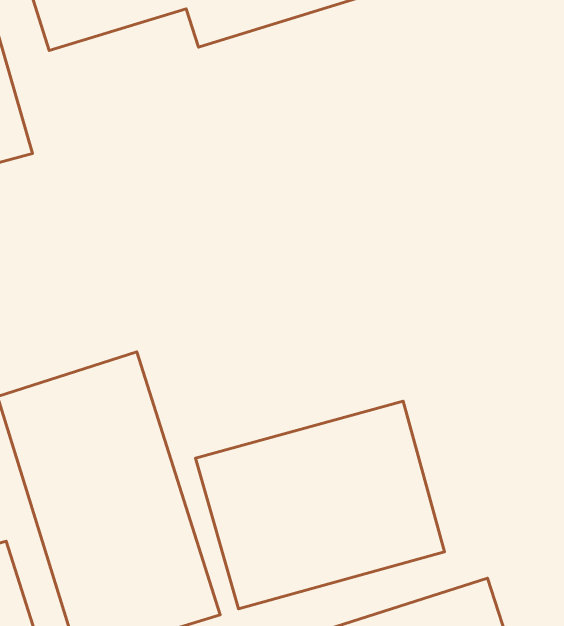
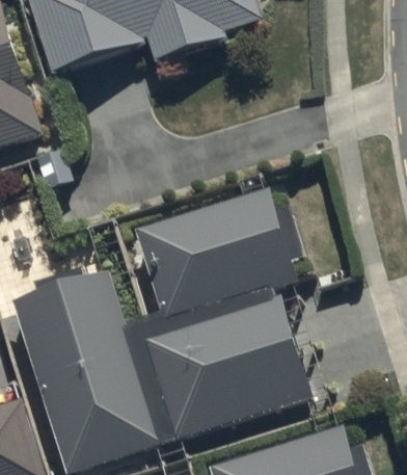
building: none -> [136,187,294,315]

